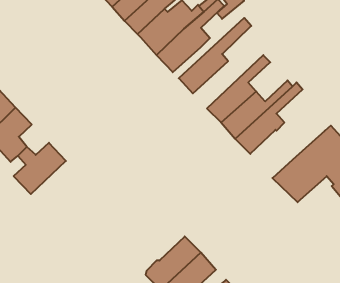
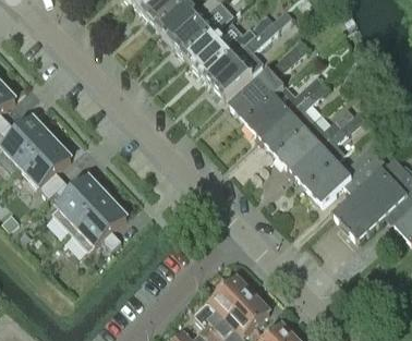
building: none -> [245,75,322,138]
building: none -> [307,144,388,204]
building: none -> [70,195,126,251]

